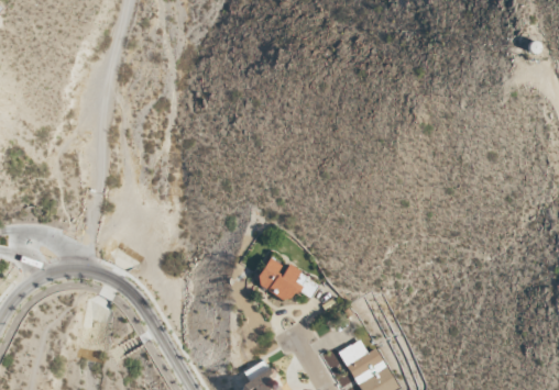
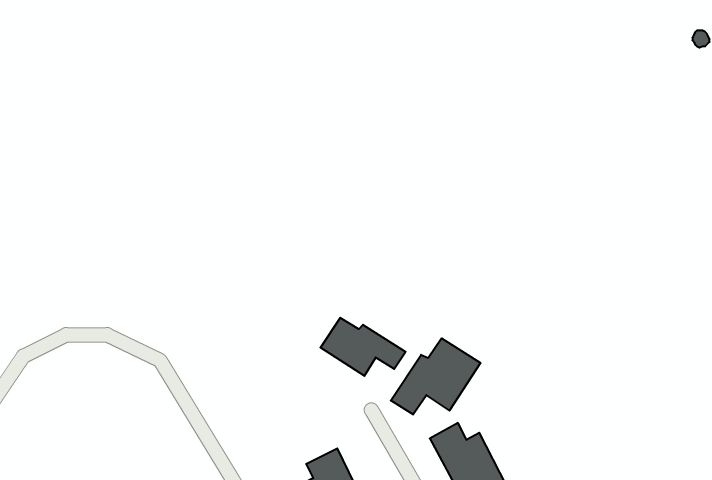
building: none -> [391,338,480,415]

